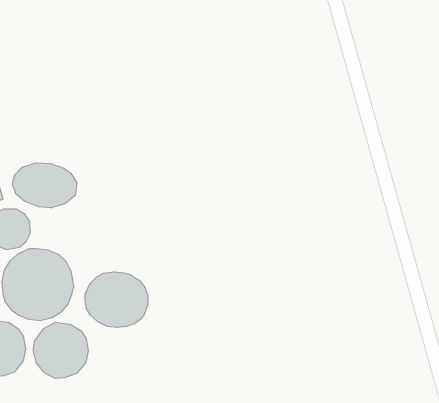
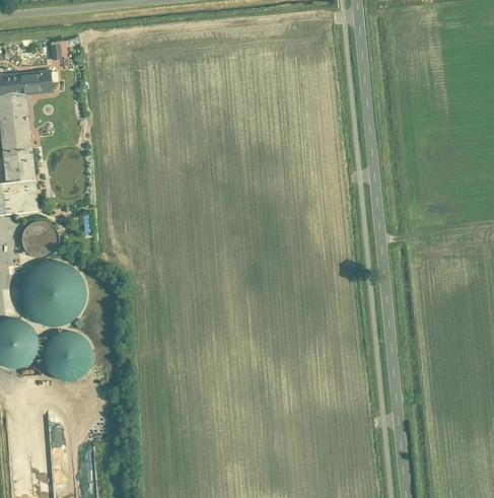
building: [12,163,77,208] -> none
building: [85,272,148,328] -> none

